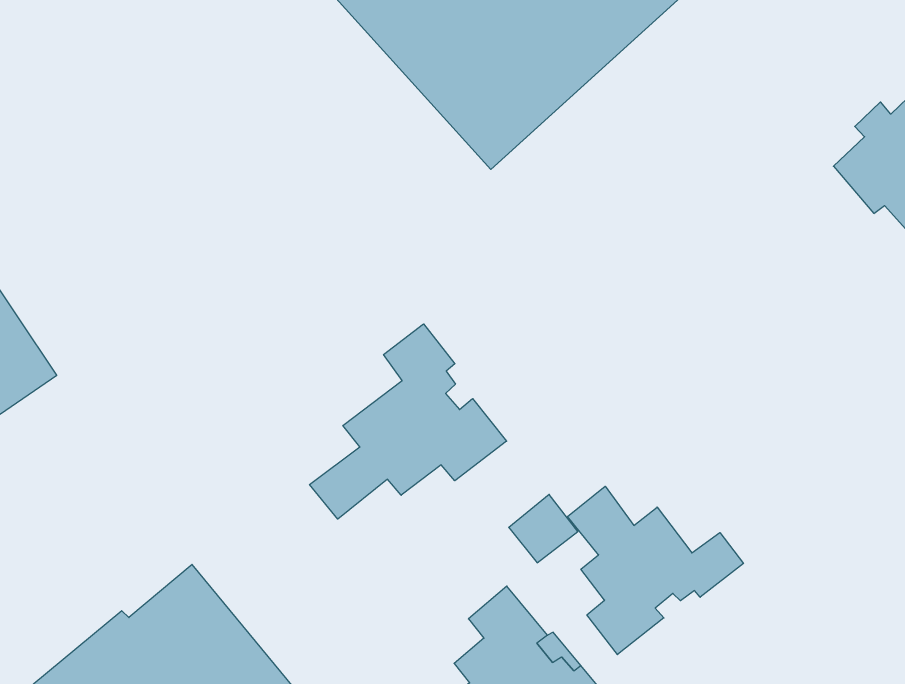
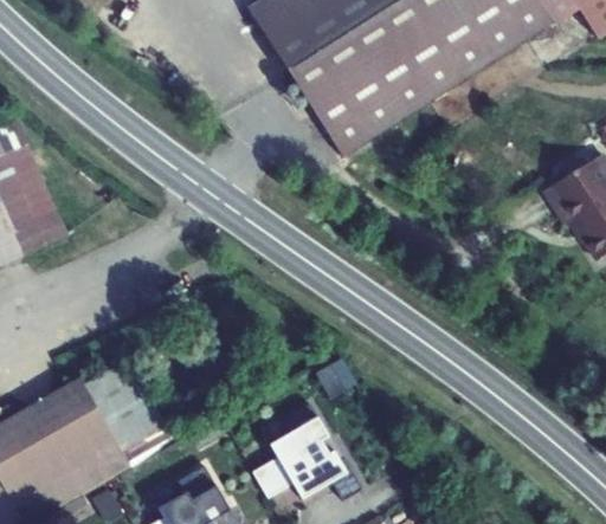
building: [310,324,507,519] -> none
building: [567,486,743,655] -> none

